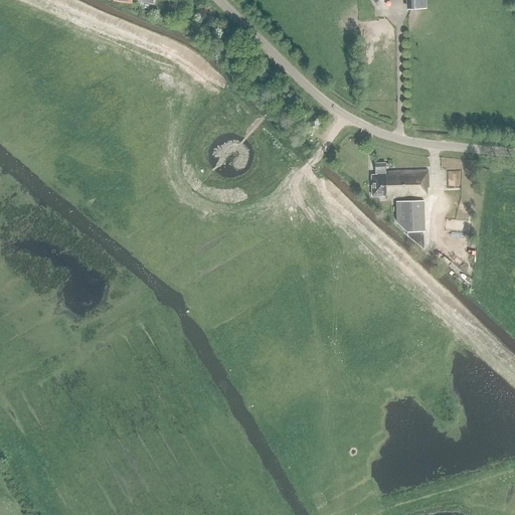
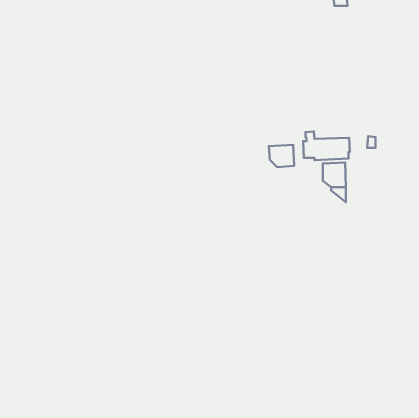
building: none -> [269,145,294,167]

